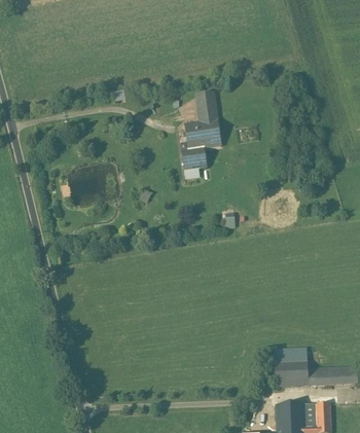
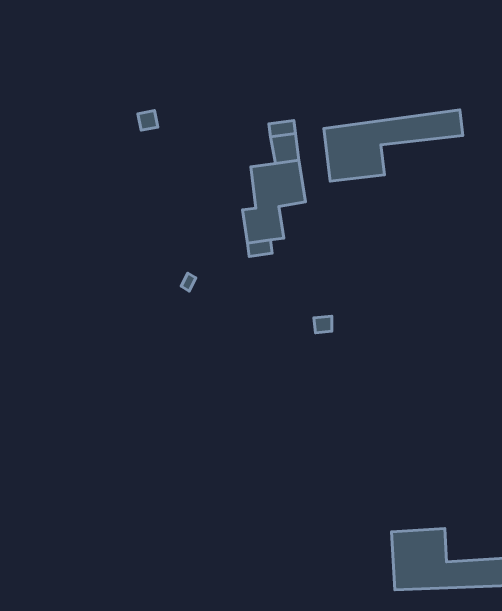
building: none -> [324,110,463,181]

